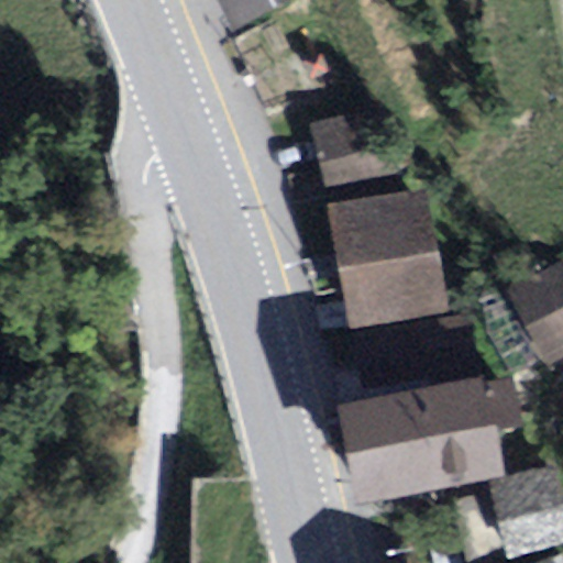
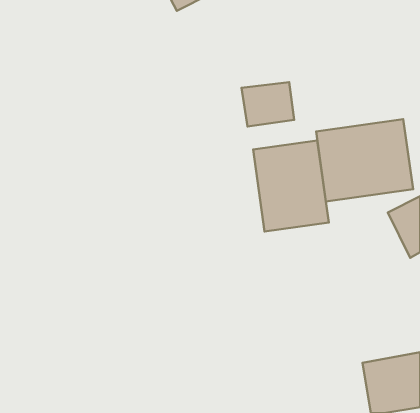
building: none -> [316,119,413,201]
building: [350,383,492,496] -> none

